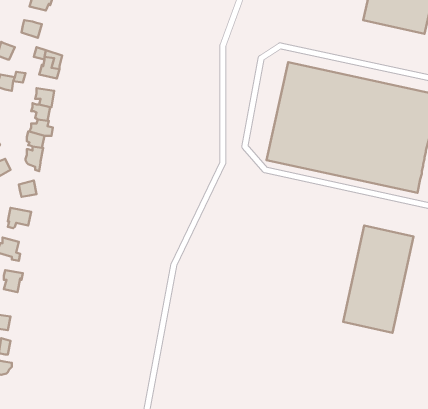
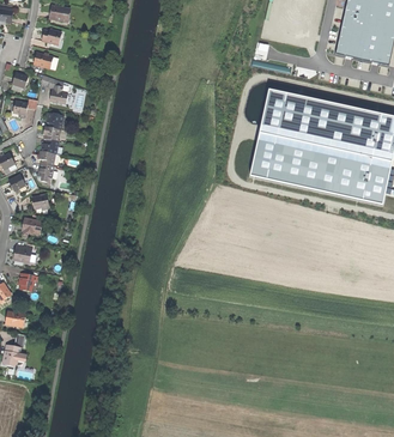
building: [343,225,414,333] -> none

